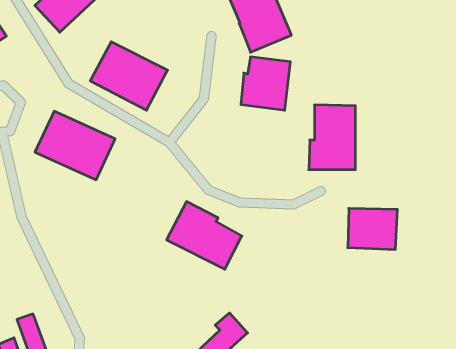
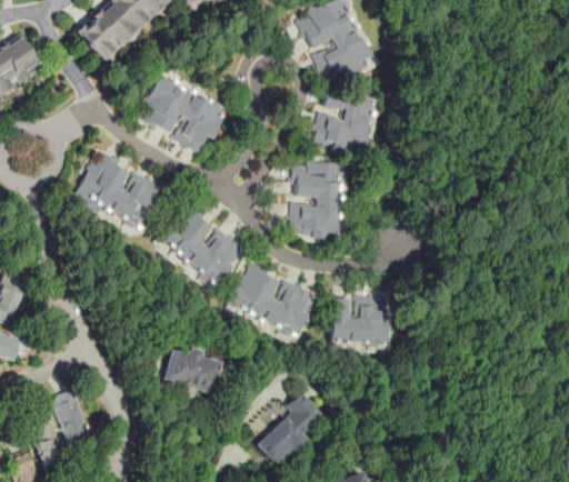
building: [309,105,355,170] -> [288,162,342,238]
building: none -> [158,205,246,289]
building: [348,208,397,249] -> [331,298,389,345]
building: none -> [163,349,220,394]

